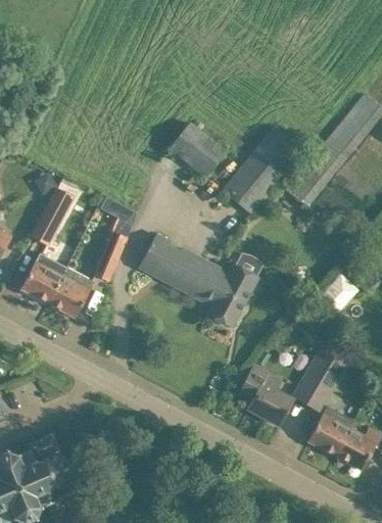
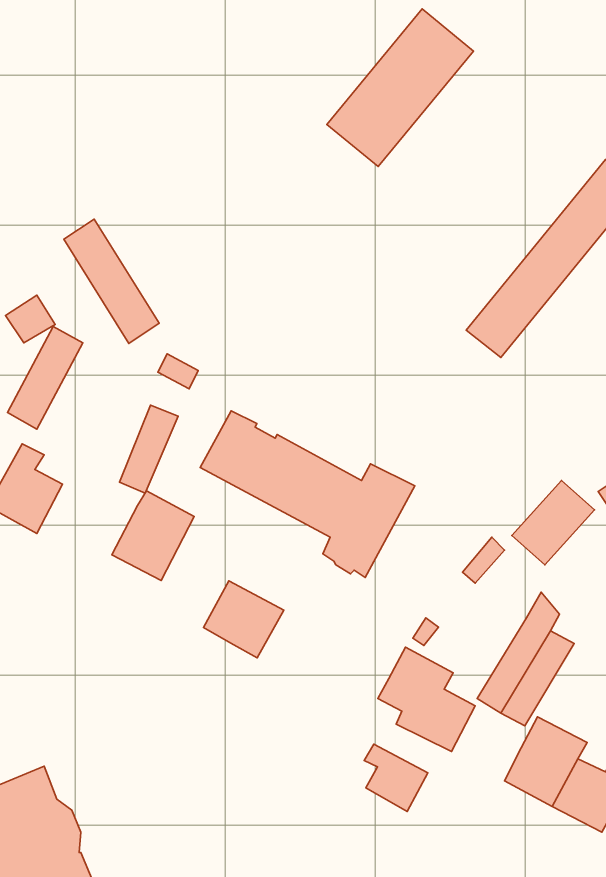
building: [170,123,227,178] -> none
building: [223,127,304,215] -> [327,9,474,167]
building: none -> [64,219,159,343]
building: [48,268,94,318] -> [112,491,194,581]
building: none -> [204,581,284,658]
building: none -> [364,744,428,811]

